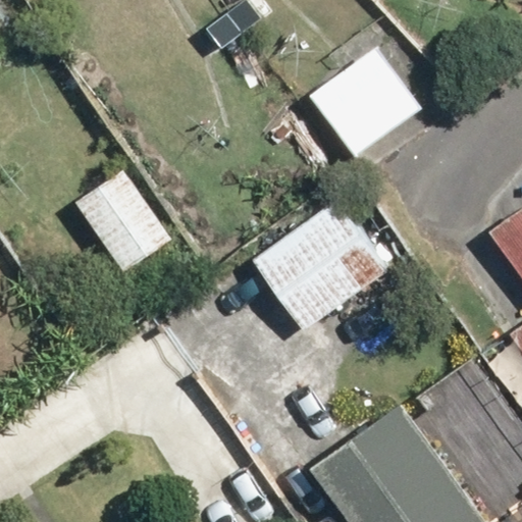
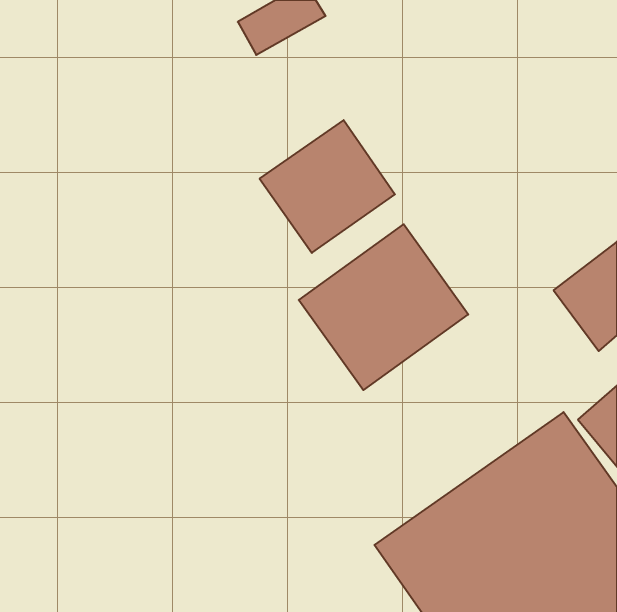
building: [314,44,427,155] -> [260,120,395,253]
building: [75,168,177,277] -> none

